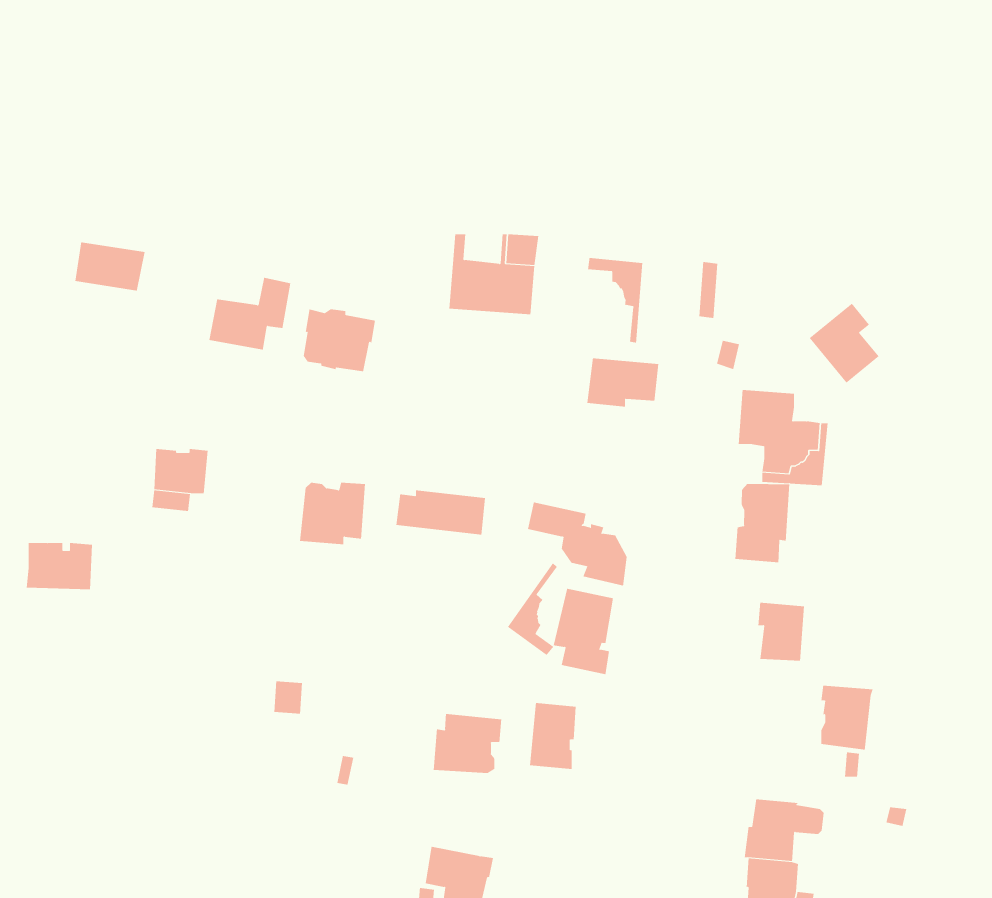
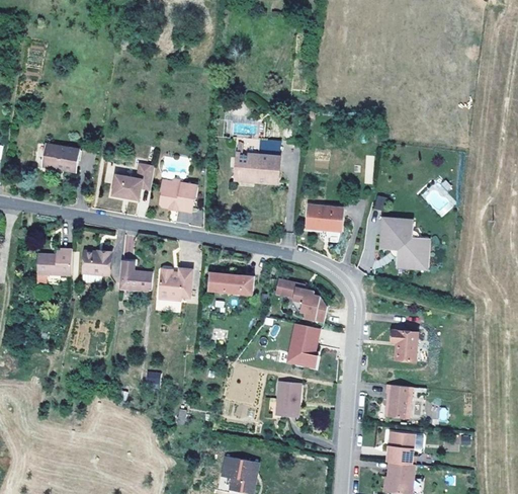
building: [587,257,643,343] -> none
building: none -> [119,261,153,291]
building: [735,483,790,563] -> none
building: [26,543,93,590] -> [37,254,72,278]
building: [507,562,558,656] -> none
building: [820,685,874,750] -> [385,385,413,418]
building: [433,713,502,774] -> none

